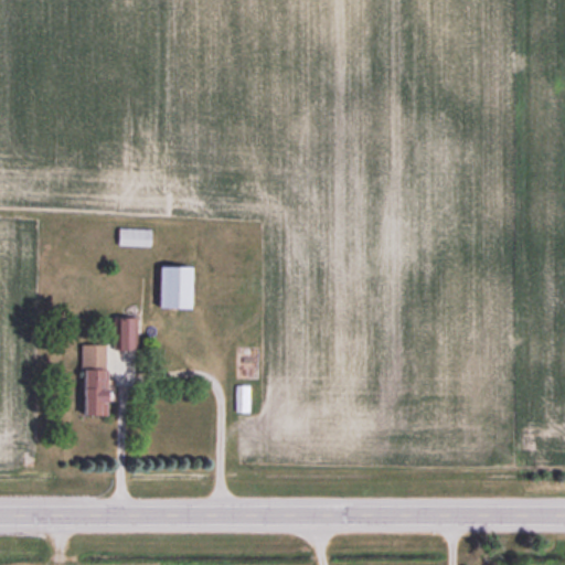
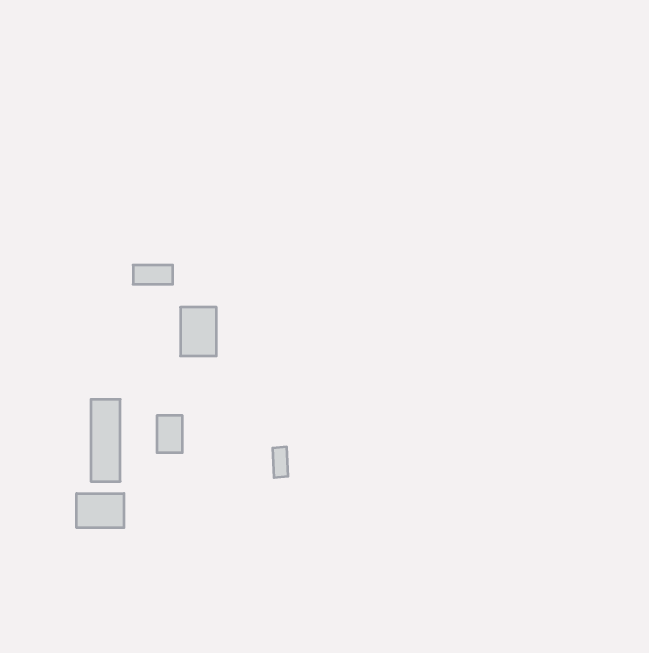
building: [117,318,139,350] -> [157,416,182,453]
building: none -> [77,493,124,528]

